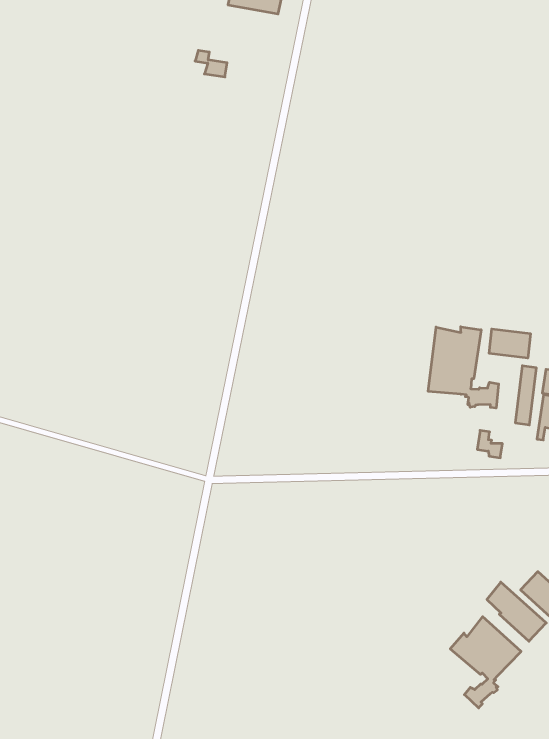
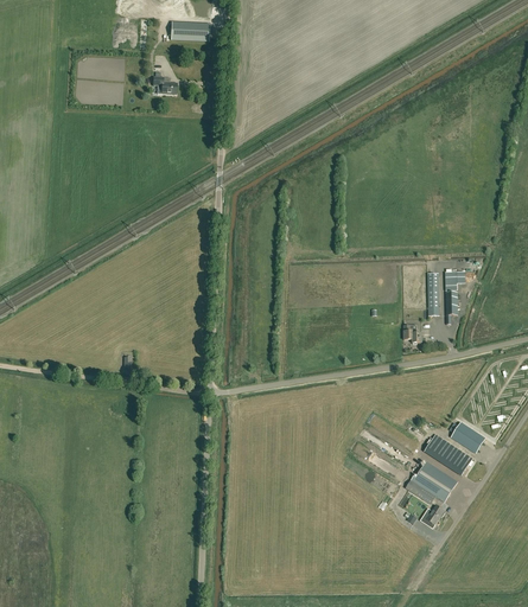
building: [428,327,499,408] -> none
building: [489,329,530,358] -> none

